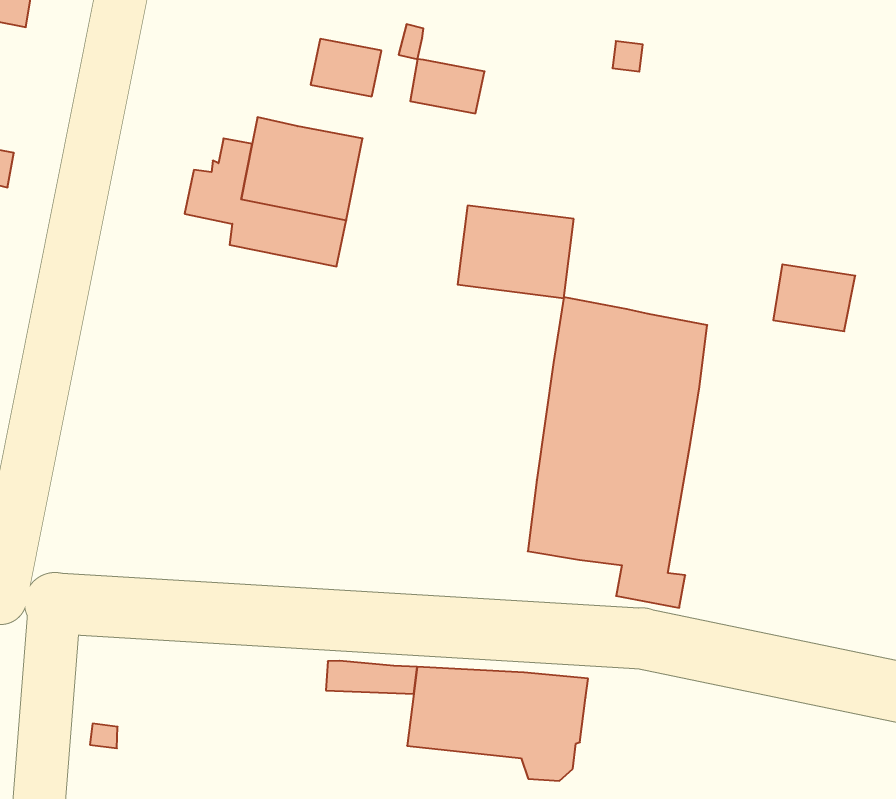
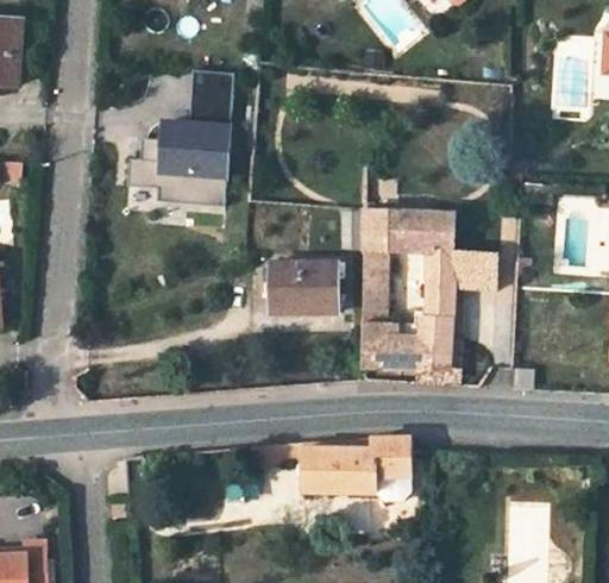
building: [410,59,485,113] -> [190,99,233,127]
building: [458,206,574,298] -> [272,263,338,312]
building: [773,264,855,331] -> [453,252,500,288]

